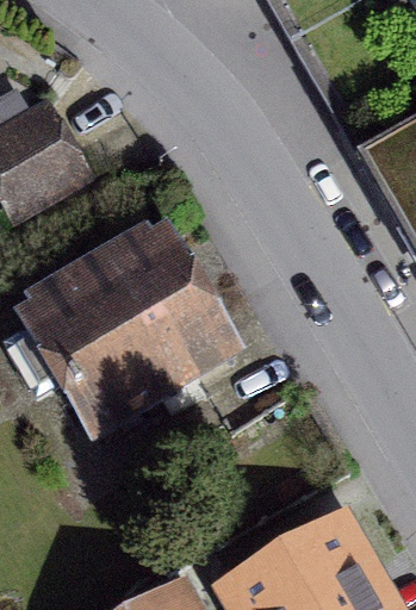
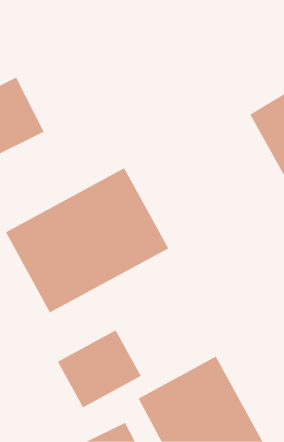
building: none -> [57,330,142,408]

